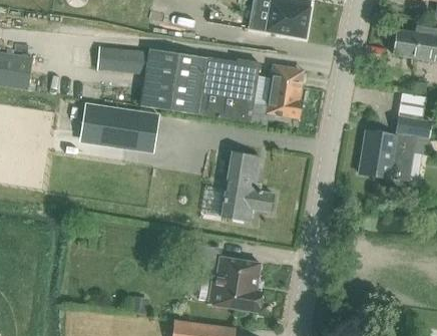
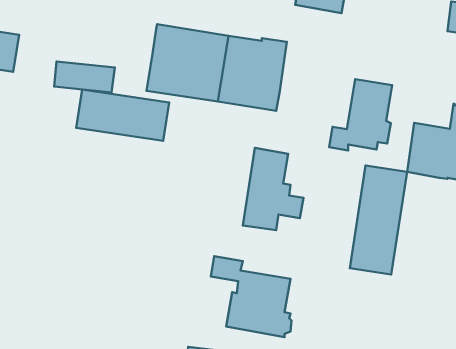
building: [97,47,148,73] -> [54,62,115,93]
building: [250,64,303,124] -> [329,79,392,151]
building: none -> [350,166,407,274]

